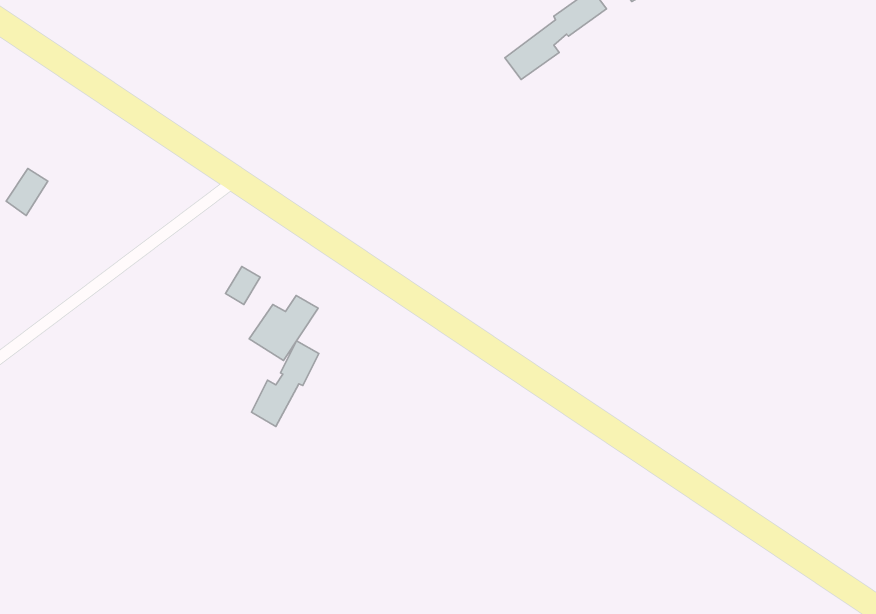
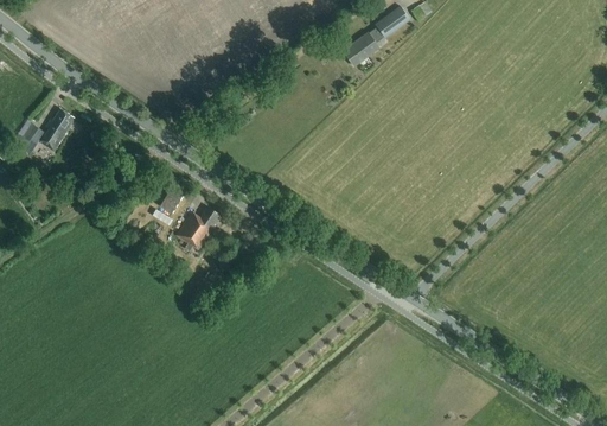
building: none -> [40,108,75,151]
building: [252,341,319,427] -> none

